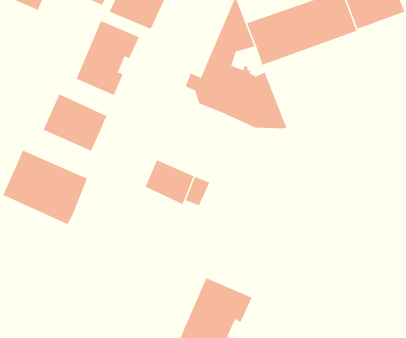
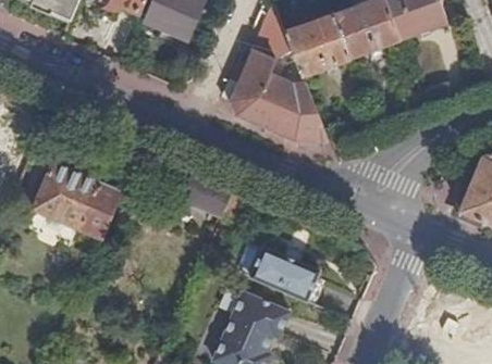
building: [76,20,139,96] -> none
building: [43,93,108,152] -> none
building: none -> [249,248,319,302]

